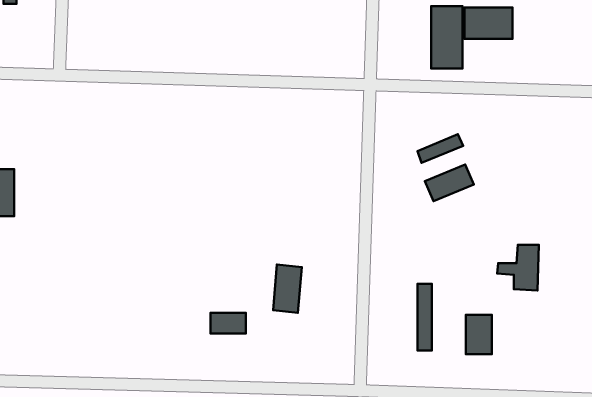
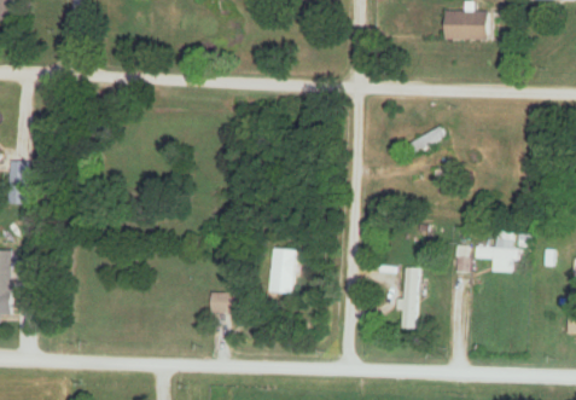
building: [431,6,463,69] -> none
building: [425,165,474,201] -> none
building: [466,315,492,354] -> none

